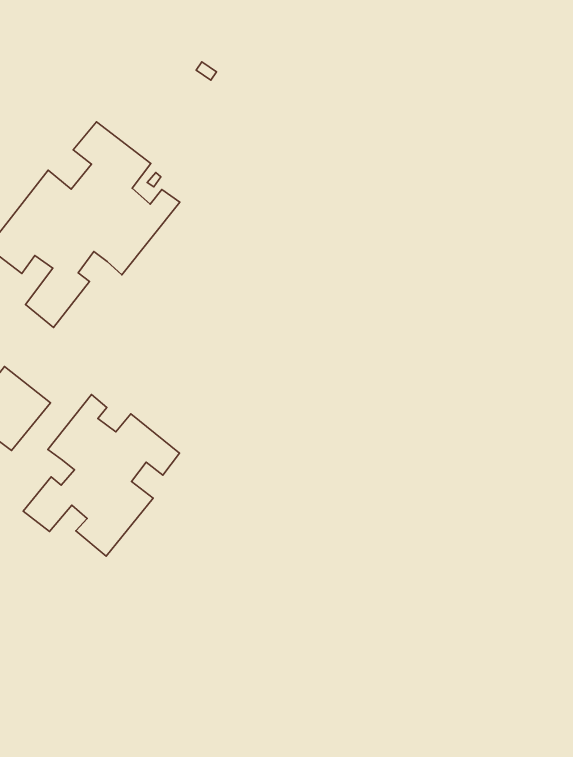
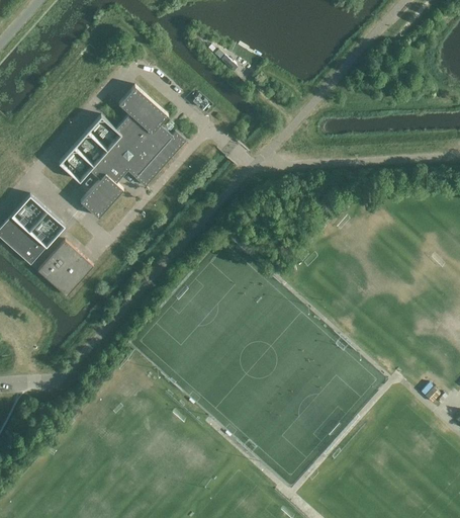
building: [23,394,180,556] -> none

